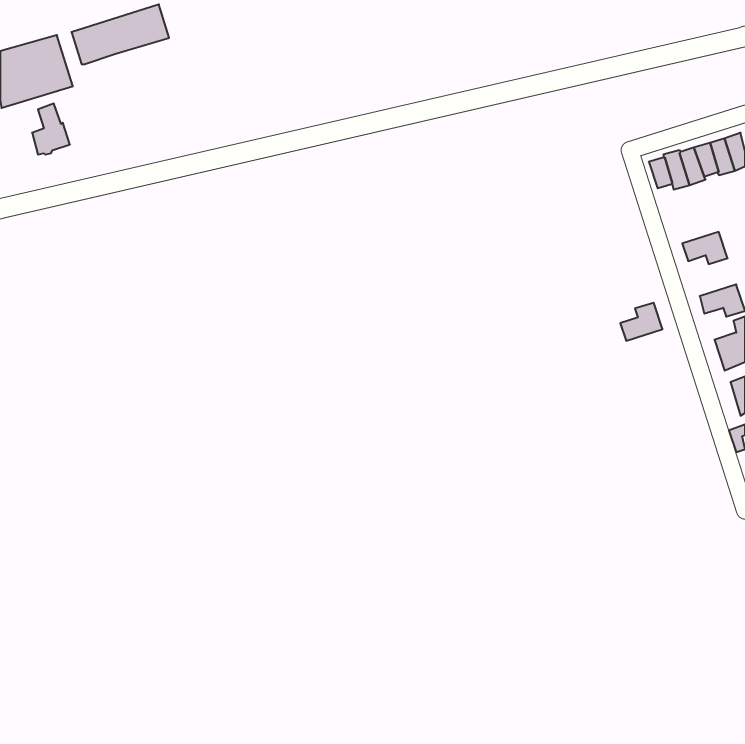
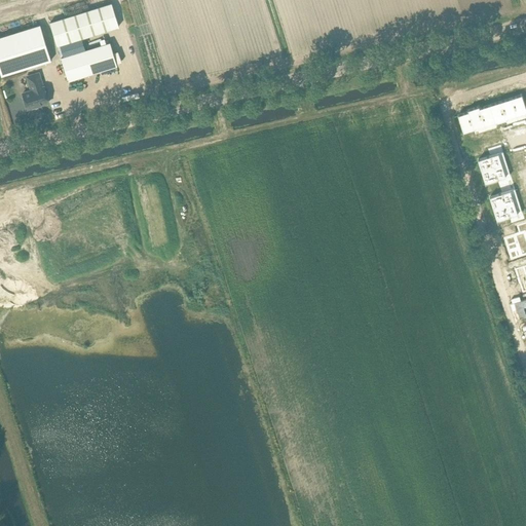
building: none -> [60,39,117,82]
building: none -> [477,146,506,173]
building: [620,303,663,341] -> [489,183,519,210]

